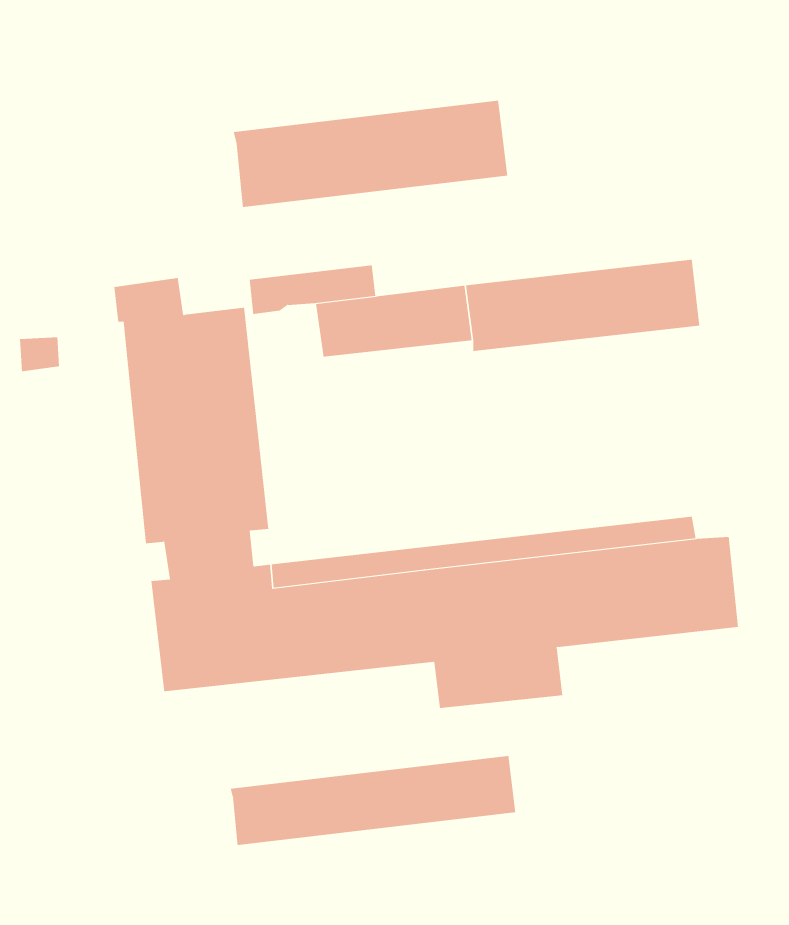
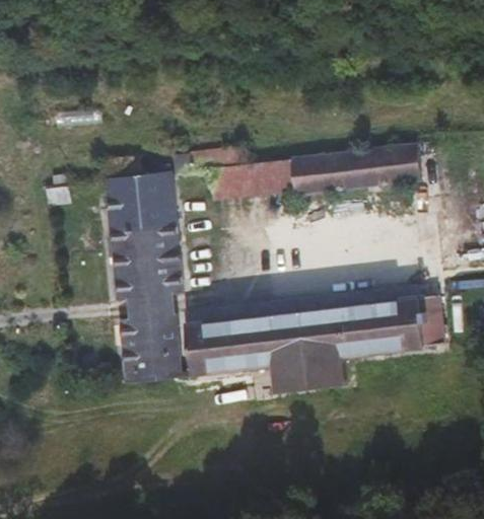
building: [233,100,508,208] -> none
building: [230,755,516,846] -> none

